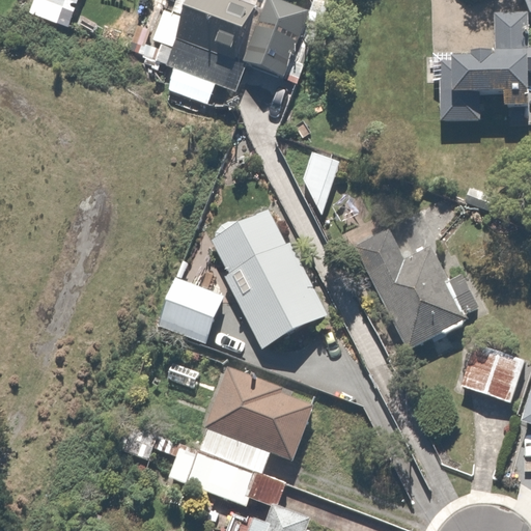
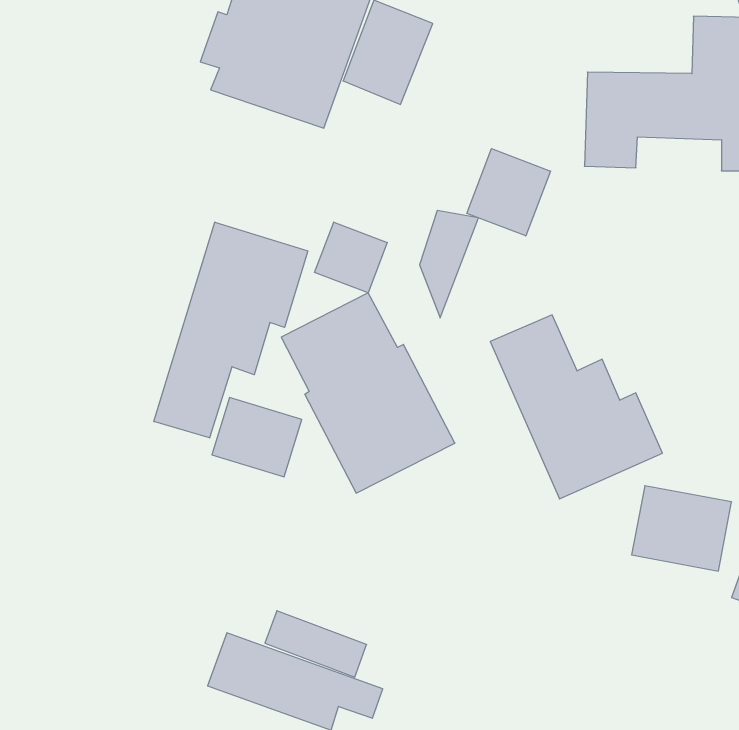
building: none -> [467,149,551,236]
building: none -> [315,222,387,293]
building: none -> [154,222,308,438]
building: [203,363,313,460] -> none

